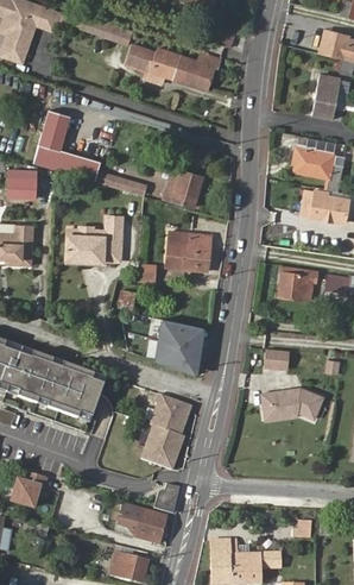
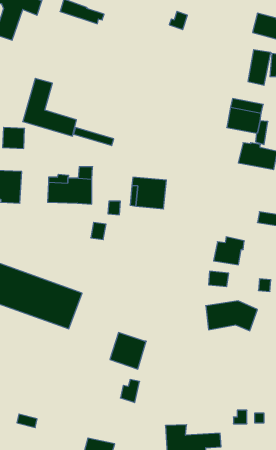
building: [127,45,221,89] -> none
building: [164,168,203,206] -> none
building: [278,268,316,302] -> [214,237,244,265]
building: [157,319,209,377] -> none
building: [150,395,194,436] -> none
building: [12,478,45,511] -> none
building: [118,503,166,542] -> none

